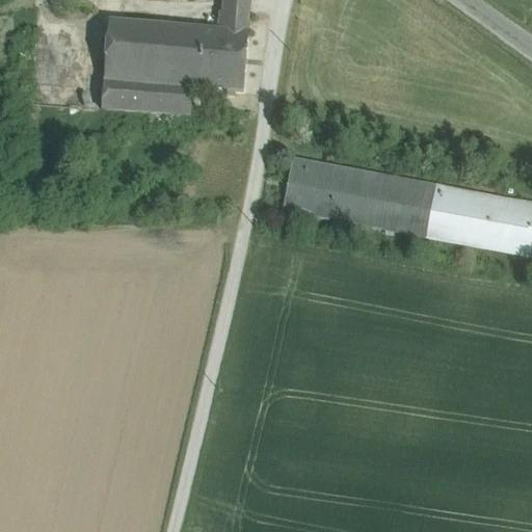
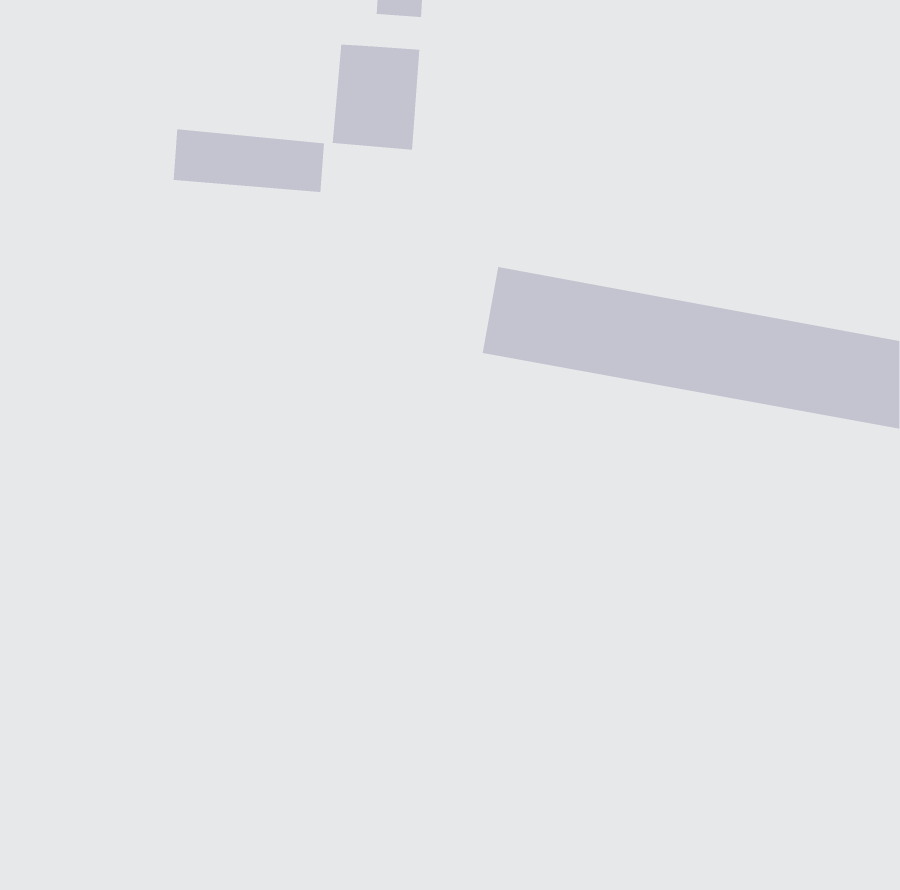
building: [217,8,248,29] -> none
building: [104,18,201,84] -> none

